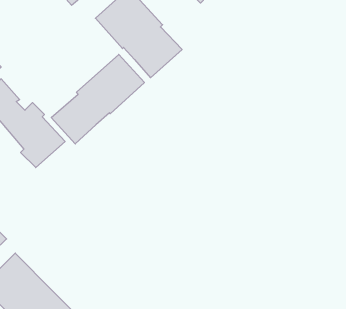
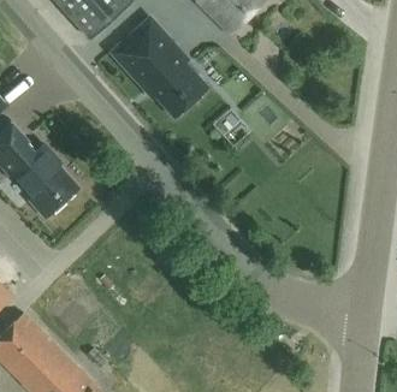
building: [51,54,144,144] -> none

